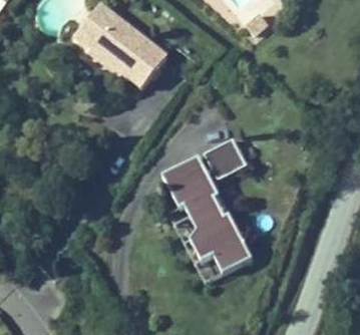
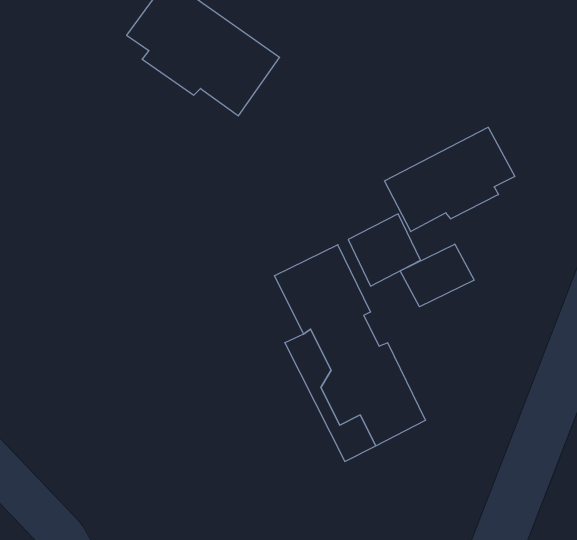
building: none -> [385,127,515,232]
building: none -> [400,244,474,307]

